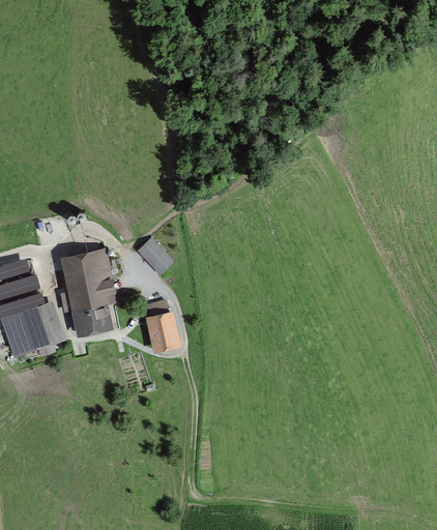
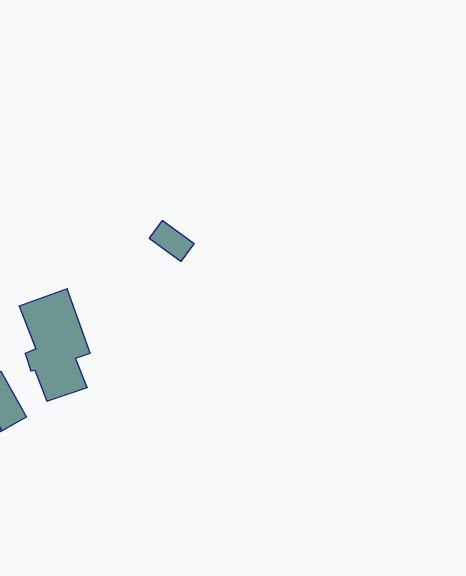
building: [138,239,170,271] -> [149,221,194,261]
building: [145,301,175,349] -> none

